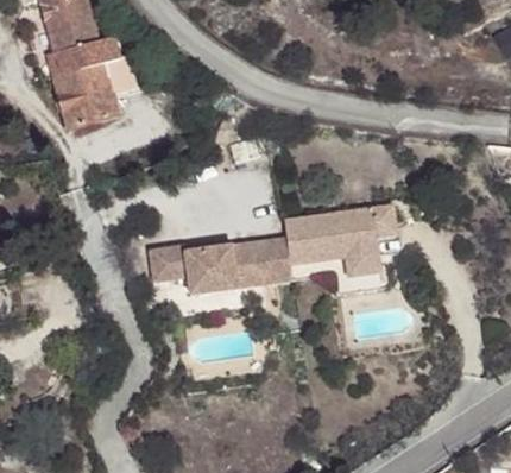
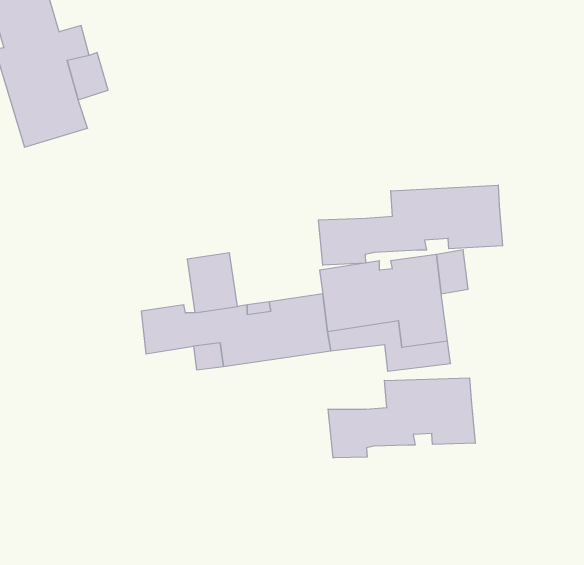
building: none -> [318,185,502,265]
building: none -> [328,378,475,458]

